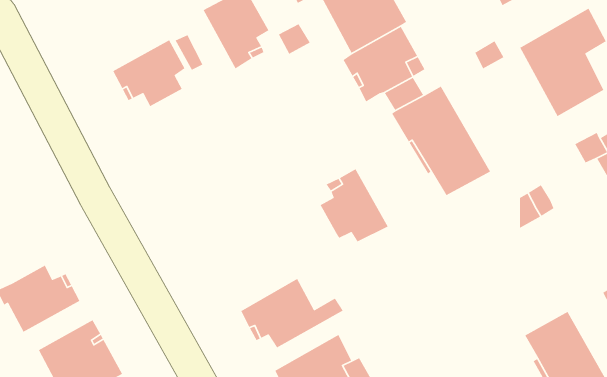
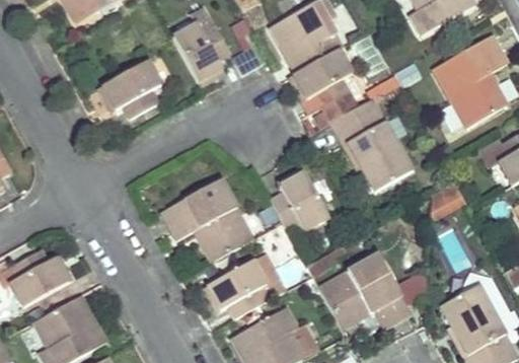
building: none -> [162,179,253,263]
building: none -> [318,255,410,328]

